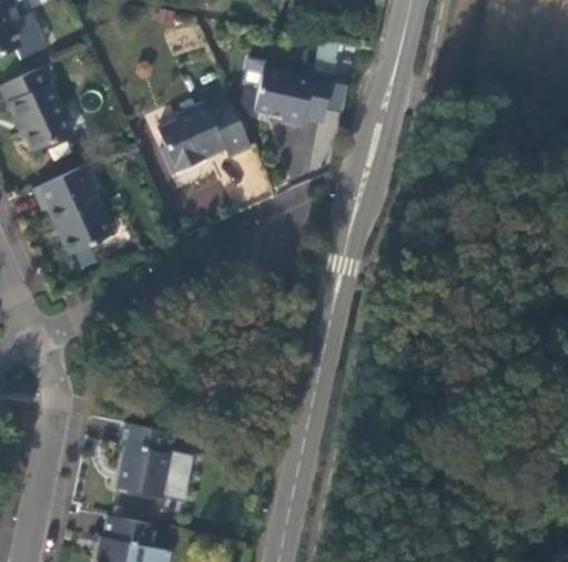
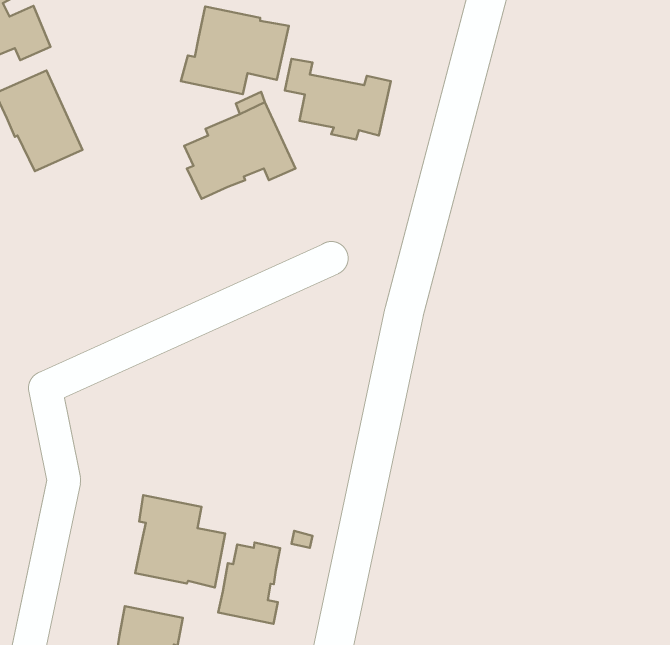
building: none -> [181,6,289,94]
building: [33,164,112,254] -> none
building: none -> [218,543,280,624]

